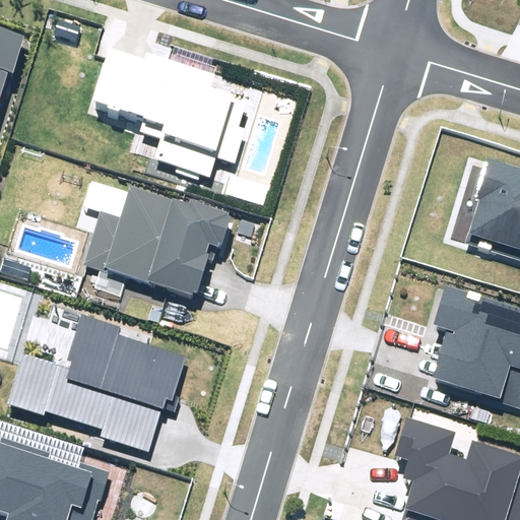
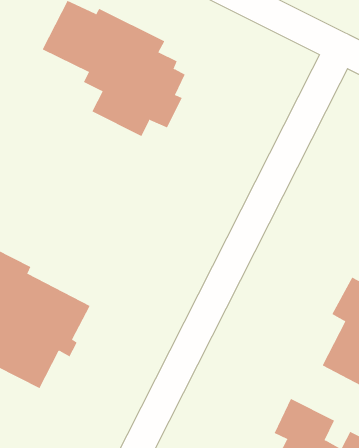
building: [82,181,234,292] -> none

